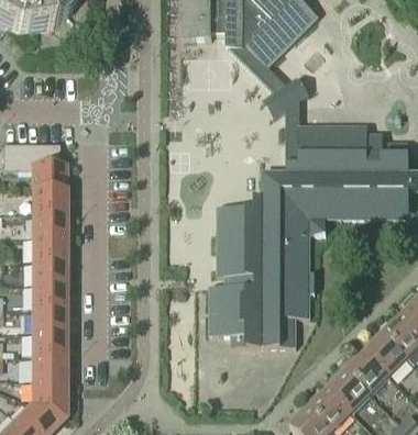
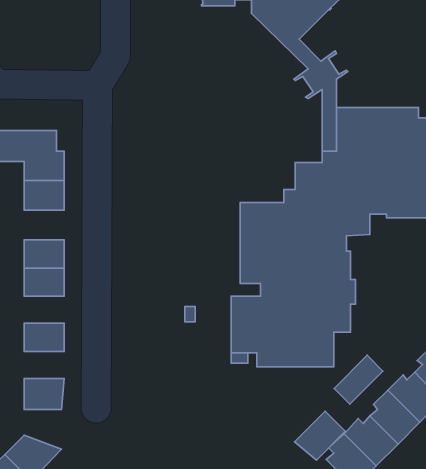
building: [32,213,66,238] -> none
building: [32,287,66,310] -> none
building: [32,334,66,357] -> none
building: none -> [334,355,383,404]
building: [32,383,64,417] -> none
building: none -> [294,411,345,460]

